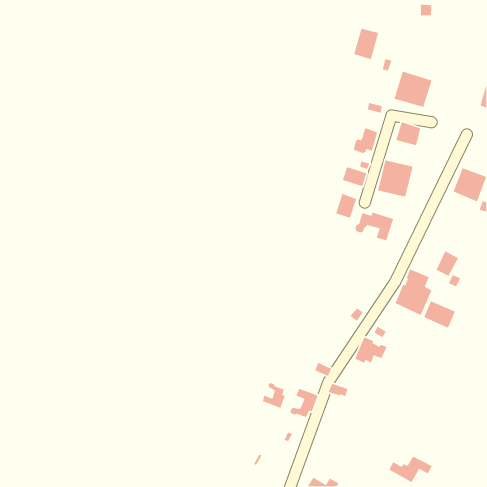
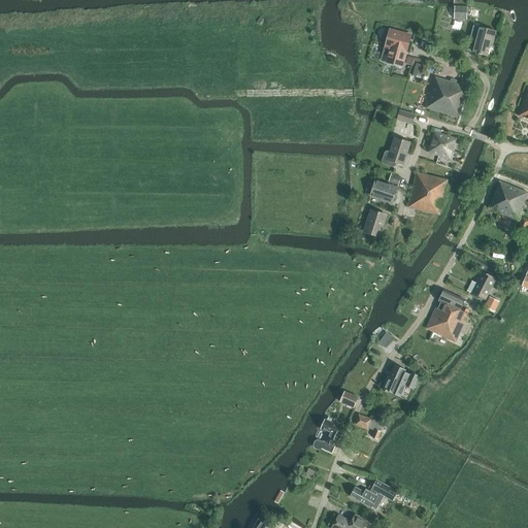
building: none -> [466,25,495,55]
building: [355,212,394,241] -> none
building: [423,300,456,329] -> none
building: [262,382,286,409] -> none
building: [388,455,433,483] -> [349,480,397,509]

